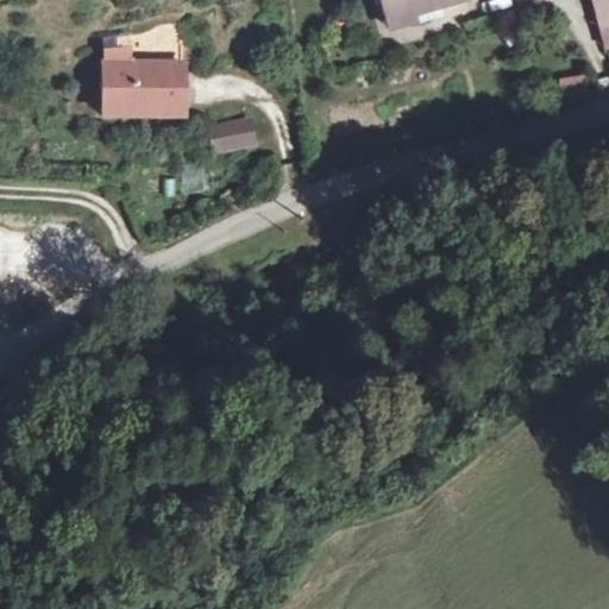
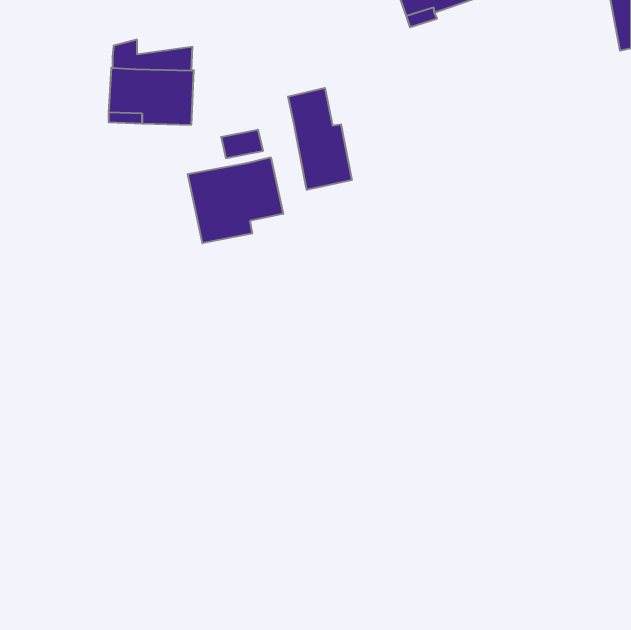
building: none -> [288,88,352,190]
building: none -> [188,157,283,243]

